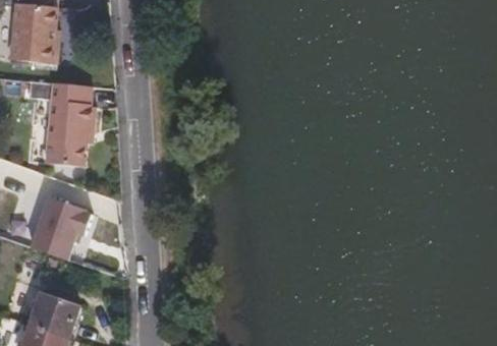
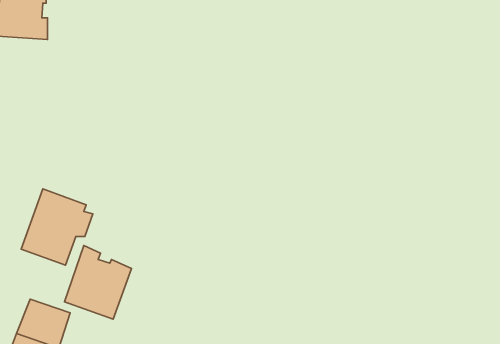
building: [46,80,95,163] -> none
building: none -> [64,246,131,319]

